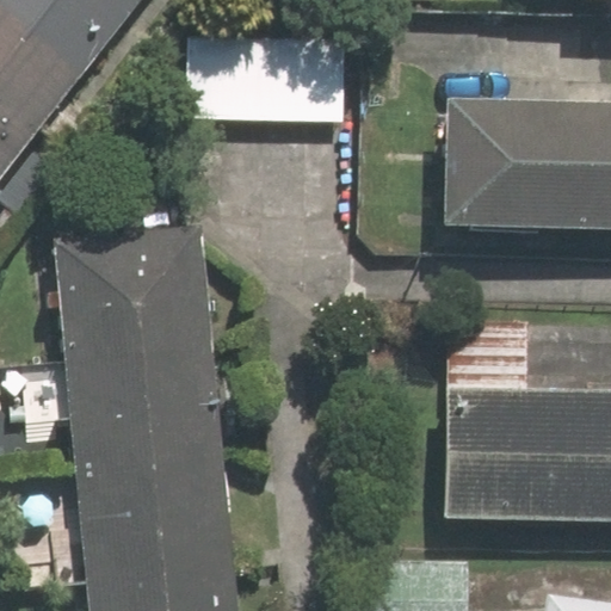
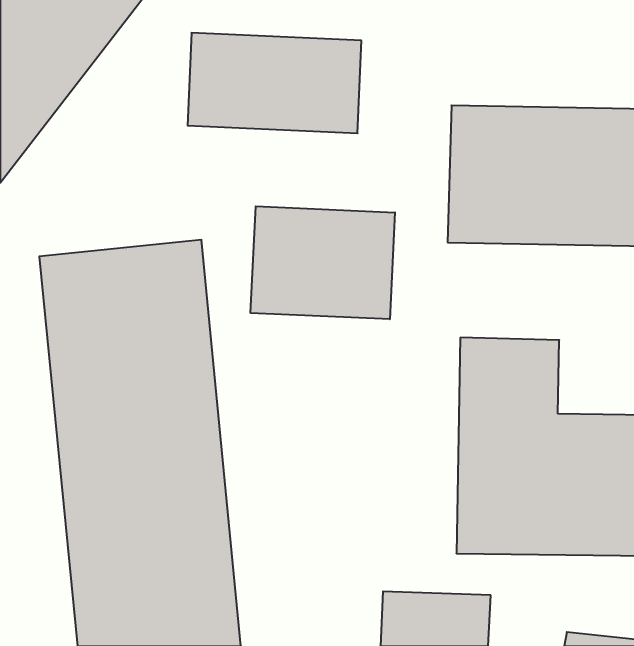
building: none -> [251,206,395,319]

